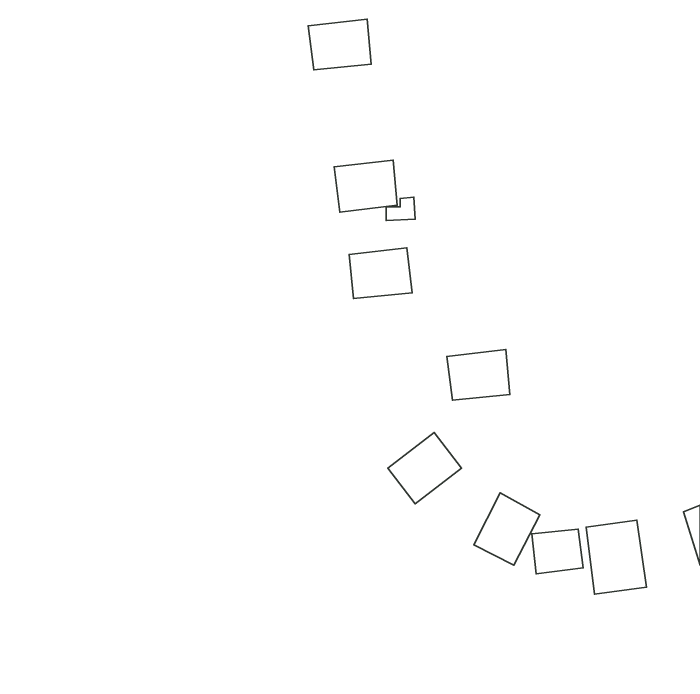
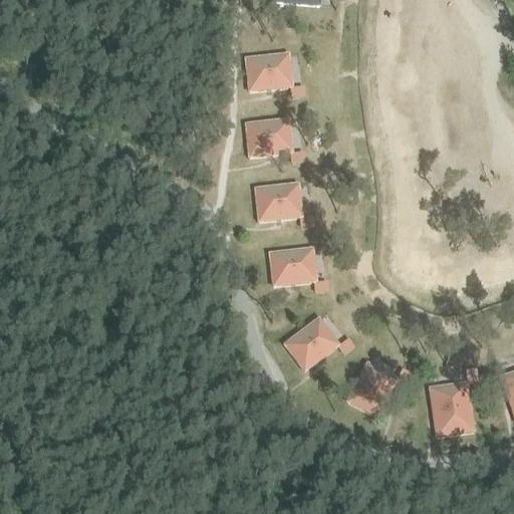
building: [308,19,371,70] -> [245,52,291,89]
building: [447,349,510,400] -> [269,247,315,284]
building: [532,529,583,574] -> none

